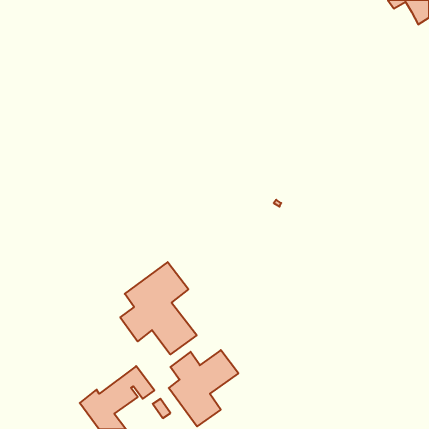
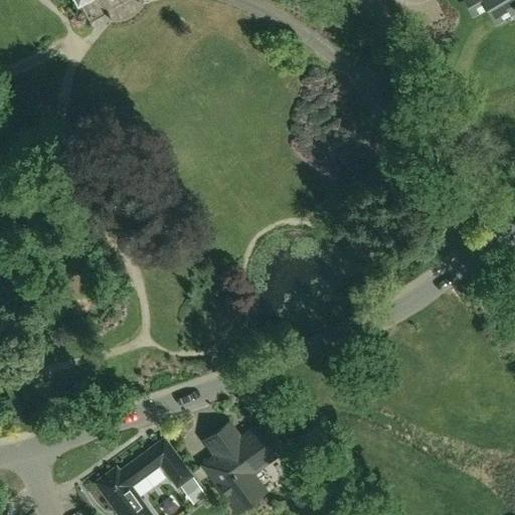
building: [120,262,197,354] -> none

